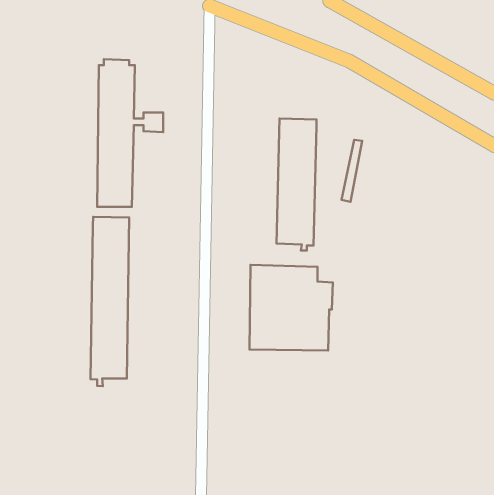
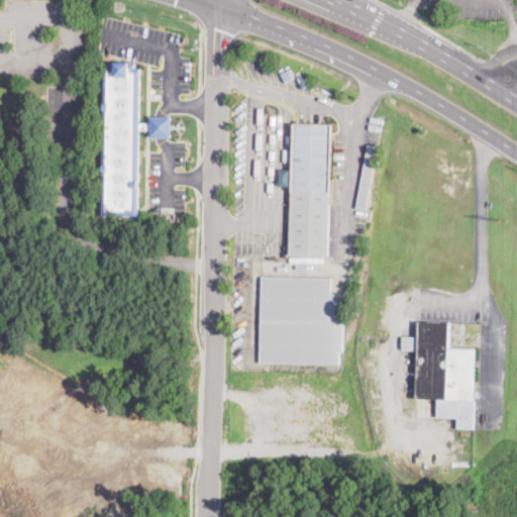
building: [91,217,129,386] -> none
building: none -> [401,322,478,430]

